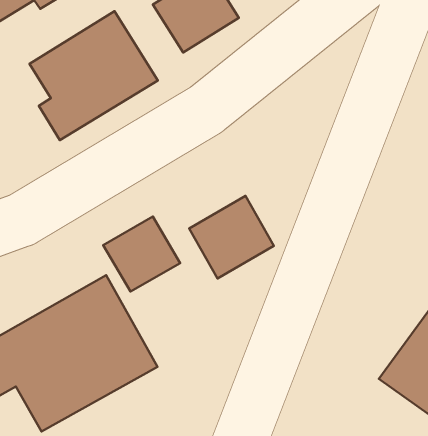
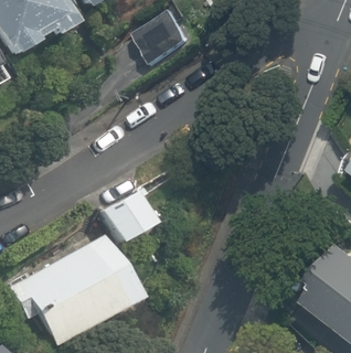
building: [30,11,158,140] -> none
building: [189,196,274,278] -> none

